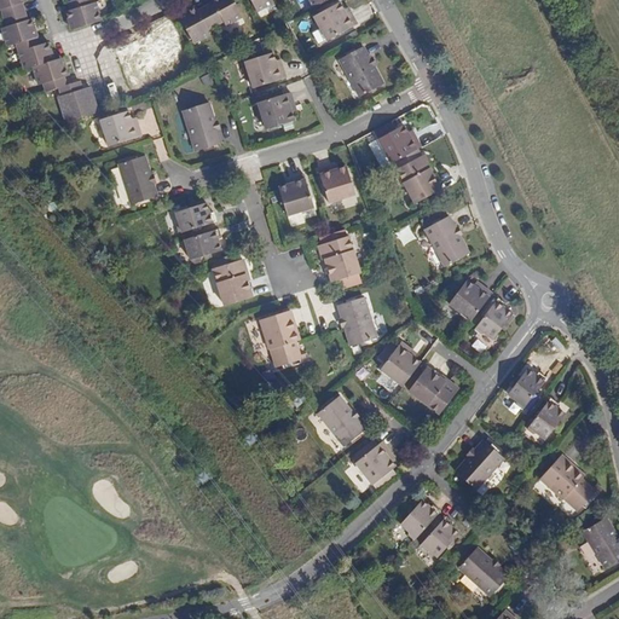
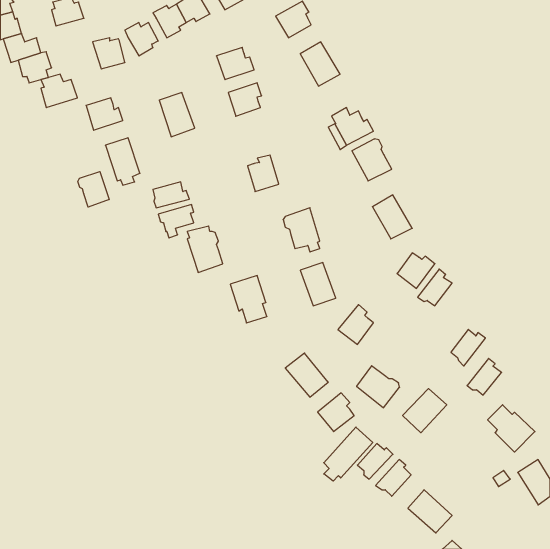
building: [319,164,357,202] -> none
building: none -> [78,172,109,207]
building: [406,368,455,415] -> [357,366,400,408]
building: none -> [324,427,373,481]

